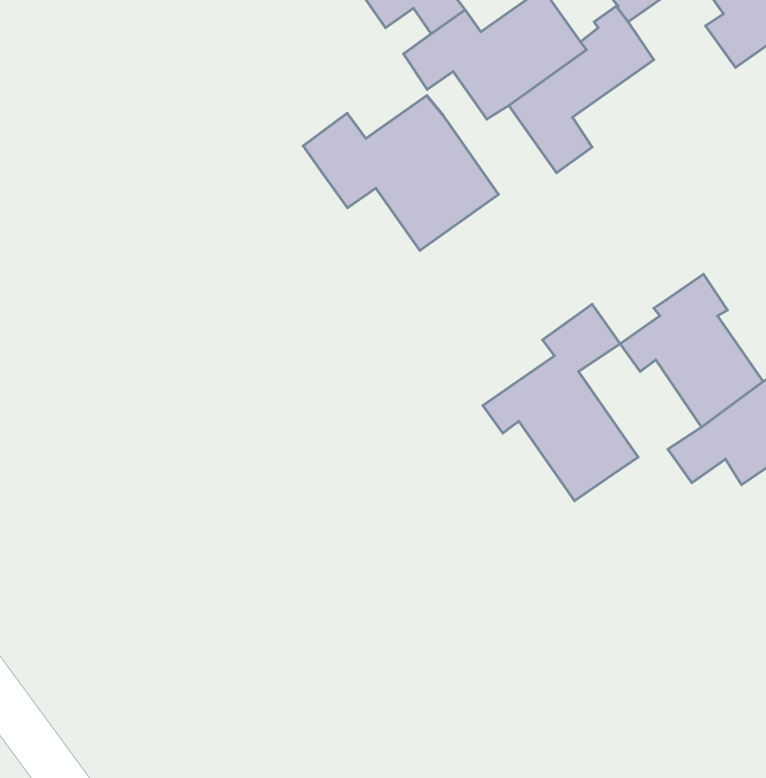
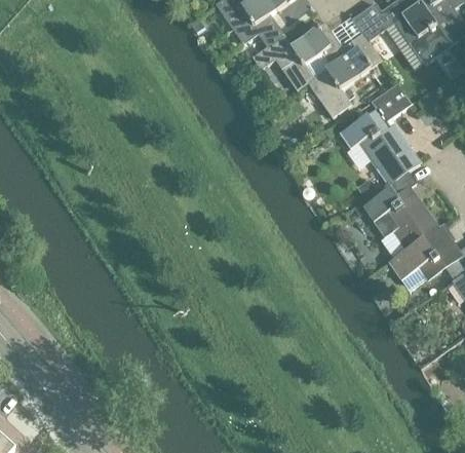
building: [303,95,499,250] -> none
building: [483,304,638,501] -> [340,81,420,183]

